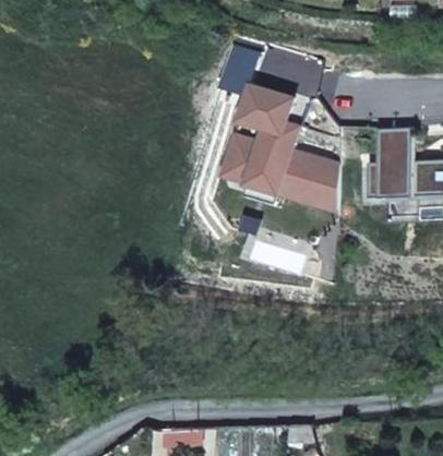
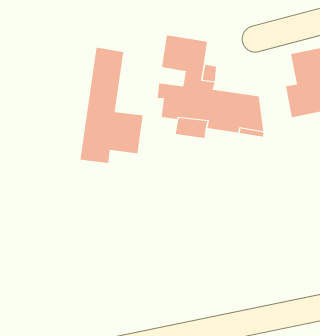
building: none -> [80,47,143,164]

